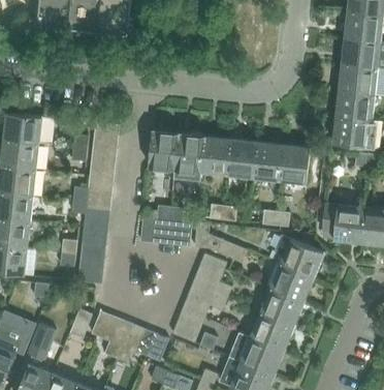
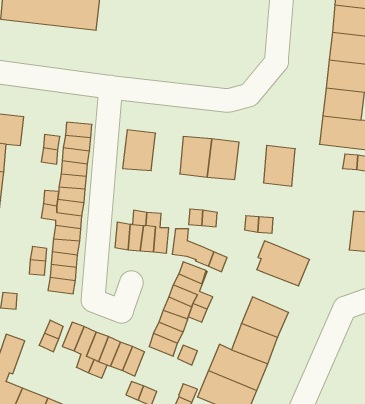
building: [173,133,204,182] -> none
building: [253,142,283,180] -> none
building: [321,203,364,243] -> none
building: [269,264,313,302] -> none

